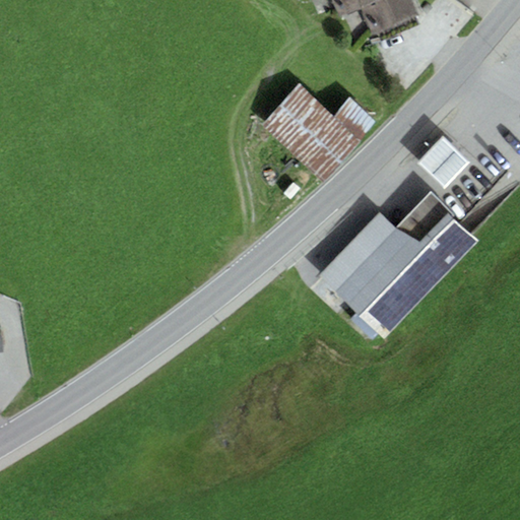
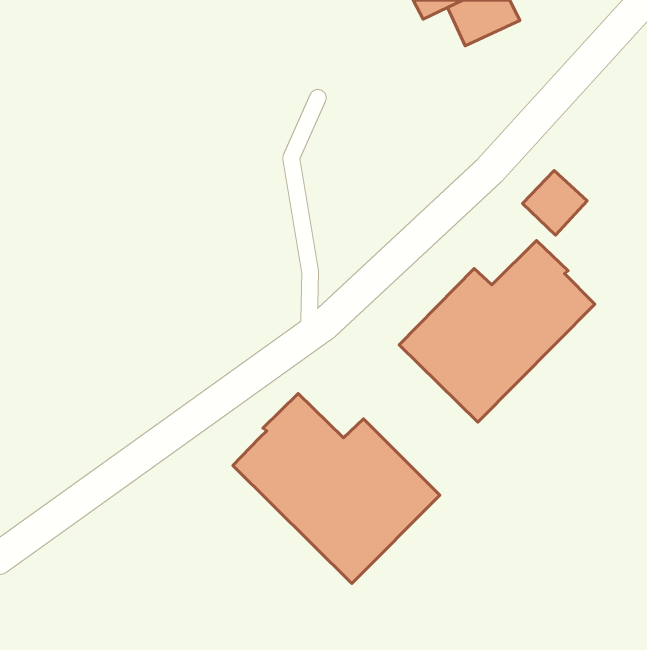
building: [263,83,374,178] -> none
building: none -> [233,393,440,584]

